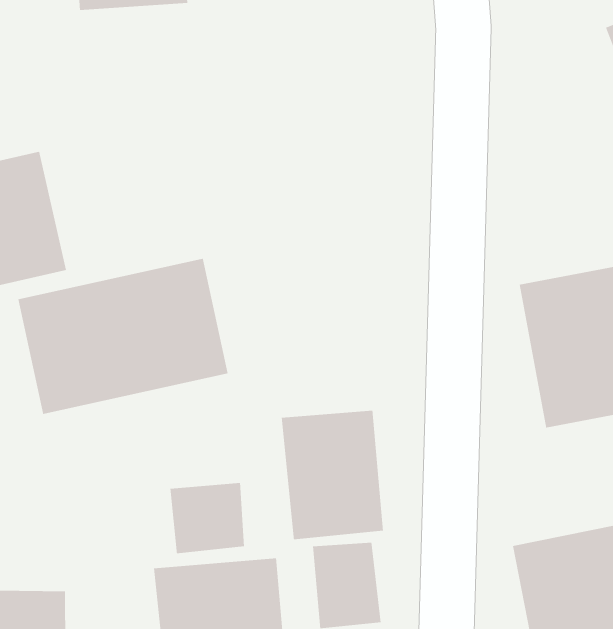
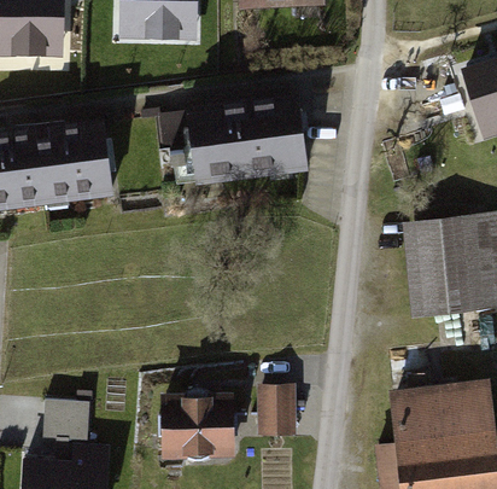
building: [18,258,228,415] -> [175,94,306,187]
building: [281,410,384,540] -> none
building: [170,482,245,554] -> none

